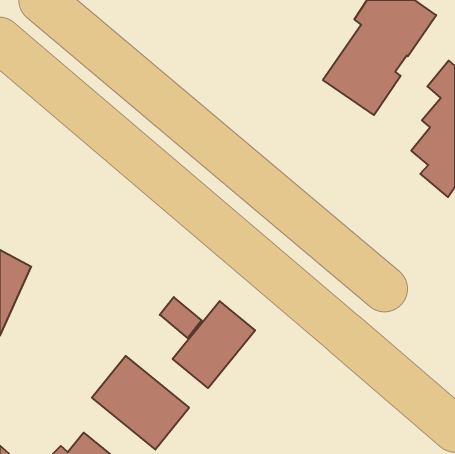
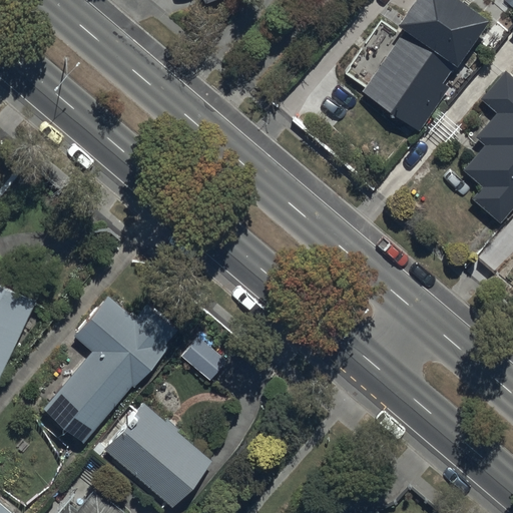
building: none -> [43,295,177,444]
building: [173,301,255,388] -> none

